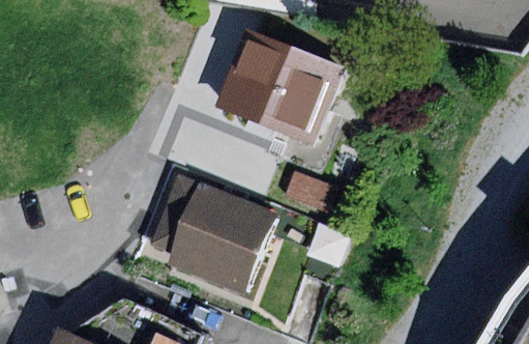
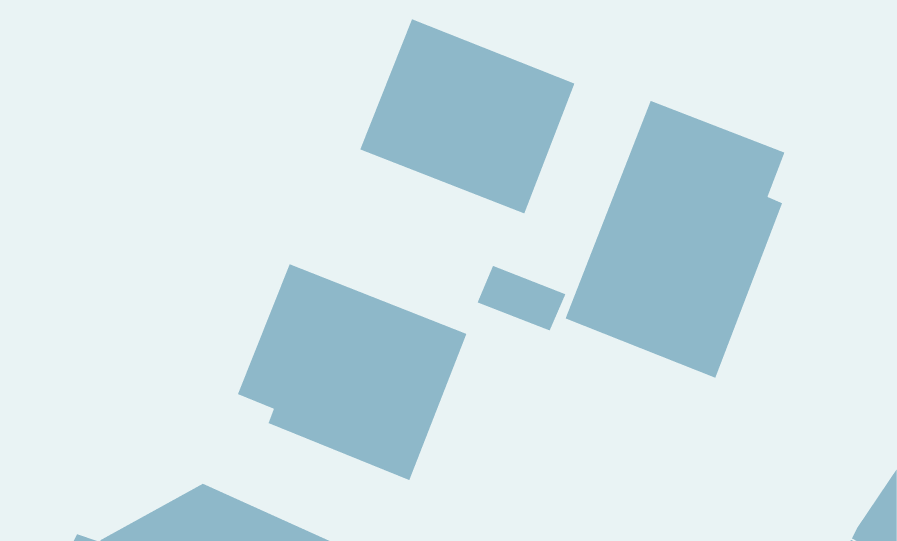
building: none -> [564,100,786,379]

